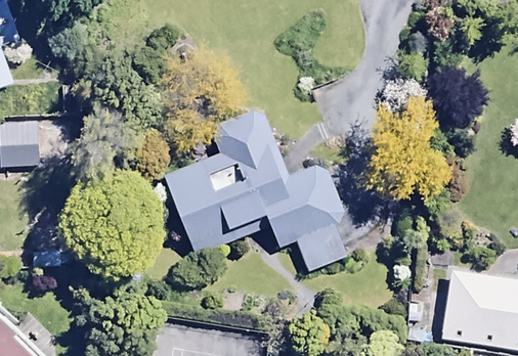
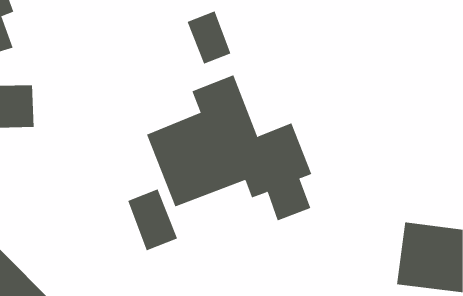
building: none -> [187,11,231,64]
building: none -> [127,189,178,251]

